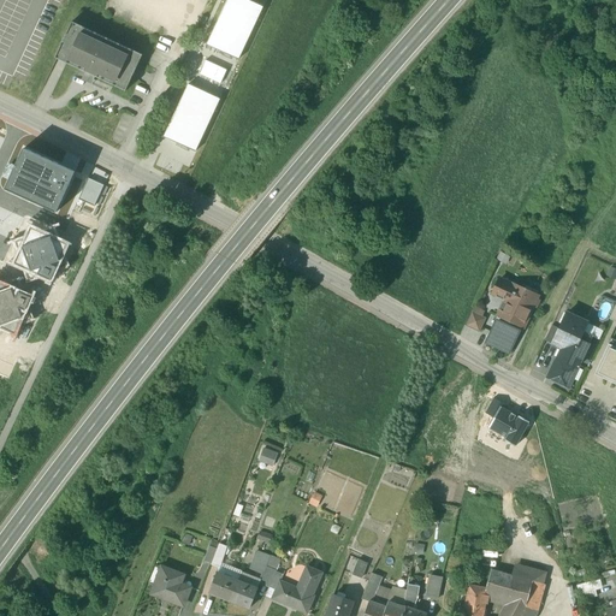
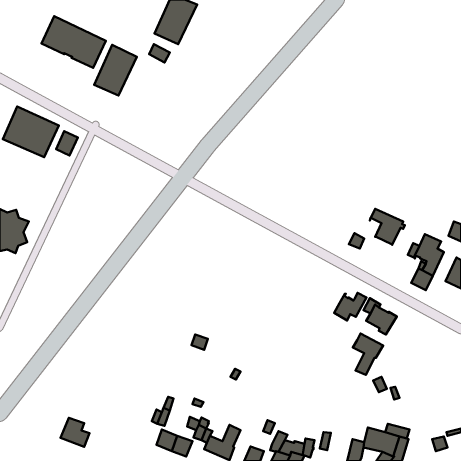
building: [162,83,219,150] -> [94,45,137,96]
building: [14,224,75,284] -> none
building: [485,315,521,353] -> none
building: none -> [334,293,366,320]
building: none -> [353,334,383,375]
building: [150,567,189,605] -> [61,418,90,447]

